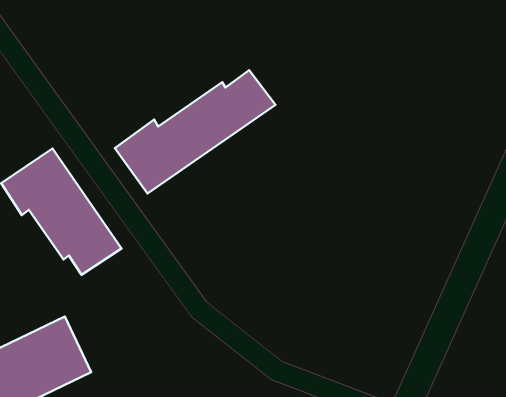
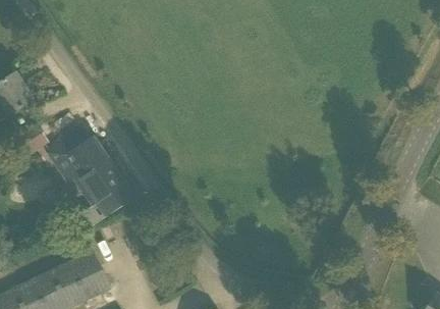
building: [115,70,275,194] -> none

